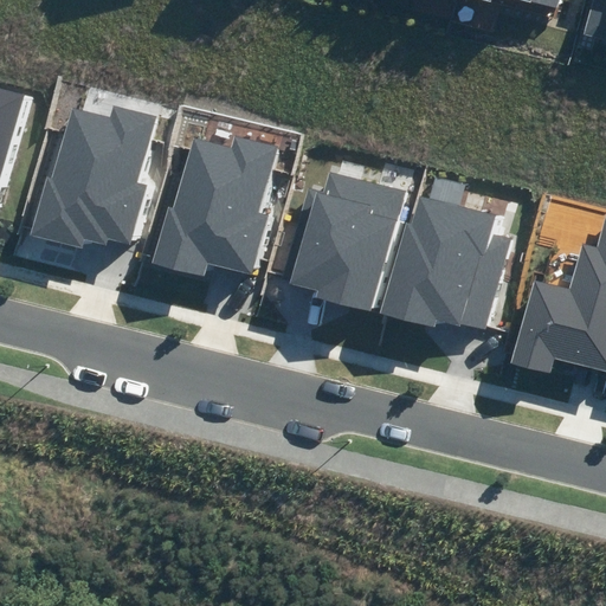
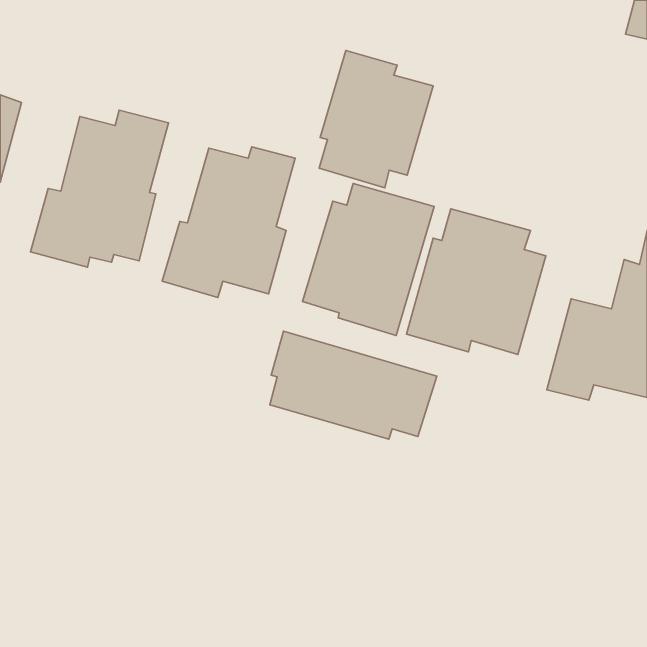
building: none -> [319,50,433,188]
building: none -> [270,331,437,439]

